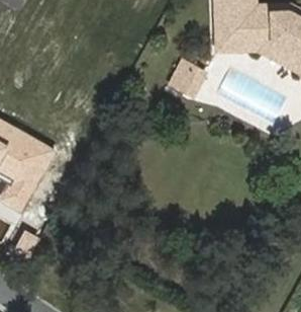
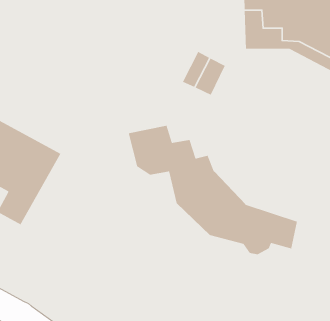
building: none -> [128,125,298,255]

